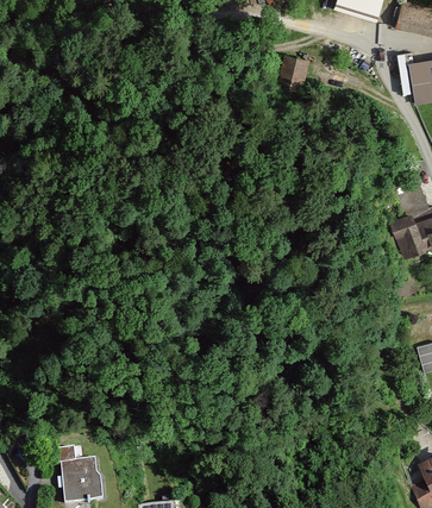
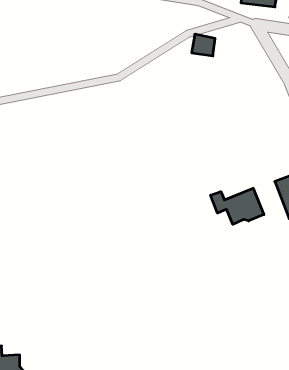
building: none -> [211,188,264,224]

